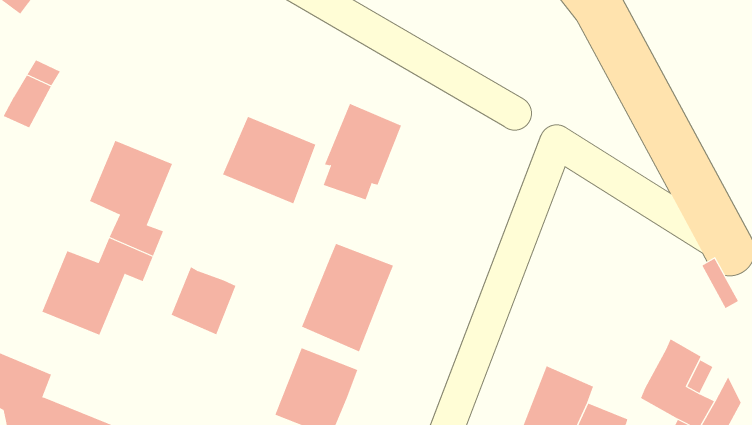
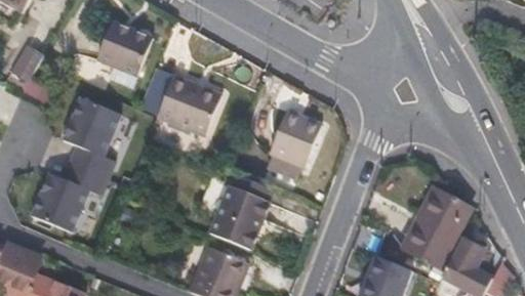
building: none -> [97,20,154,75]
building: [323,103,402,200] -> [265,117,319,183]
building: [171,266,236,335] -> none
building: none -> [401,185,471,268]

